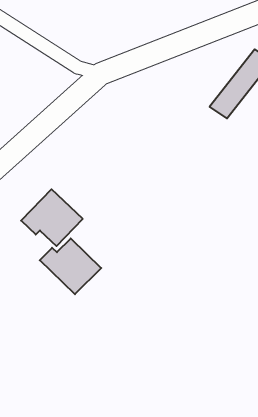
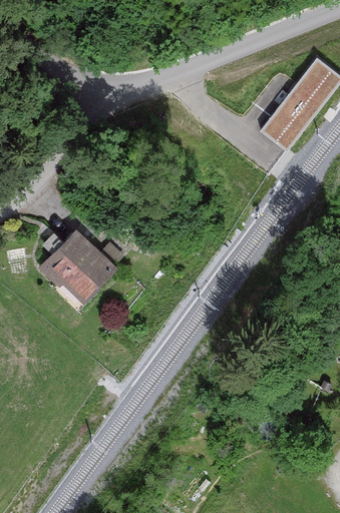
building: [40,238,101,294] -> none

